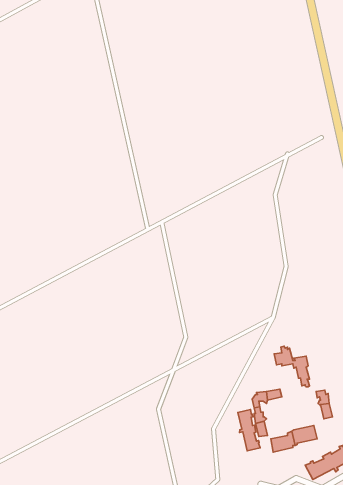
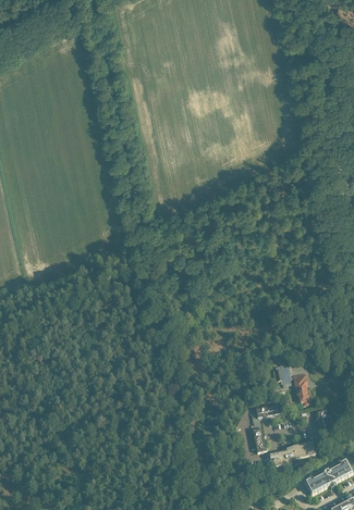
building: [238,410,260,451] -> none

